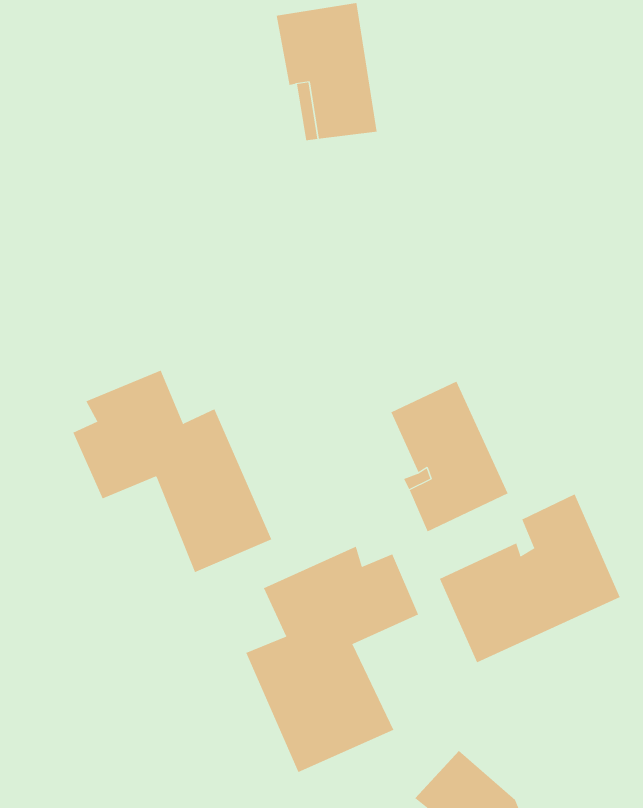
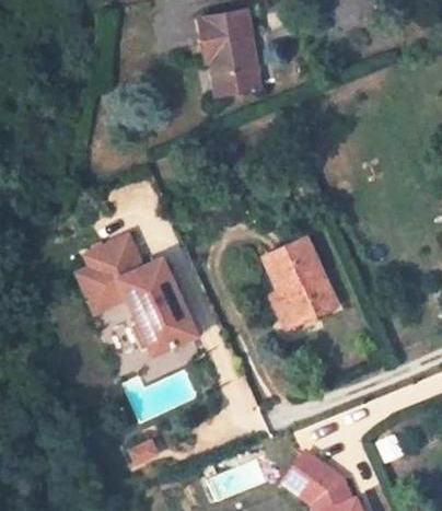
building: [439,493,621,663] -> none
building: [246,546,419,773] -> none

